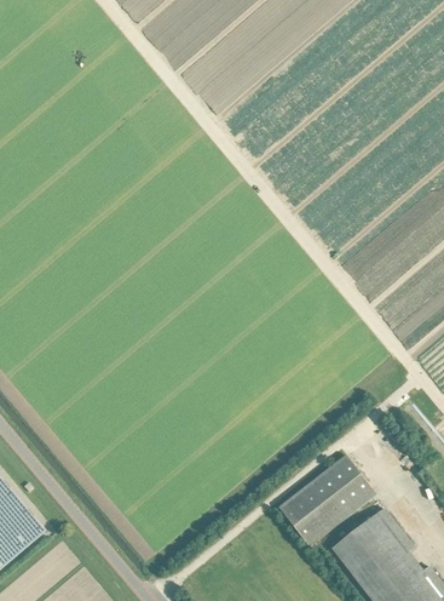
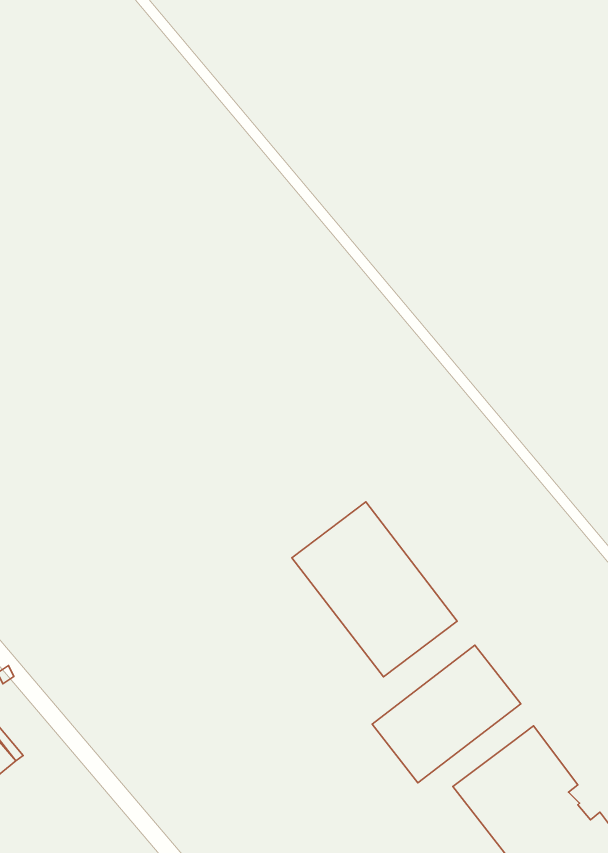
building: none -> [292,502,457,677]

